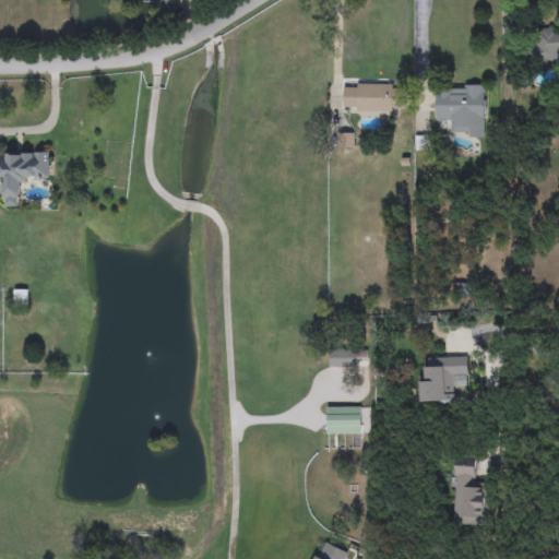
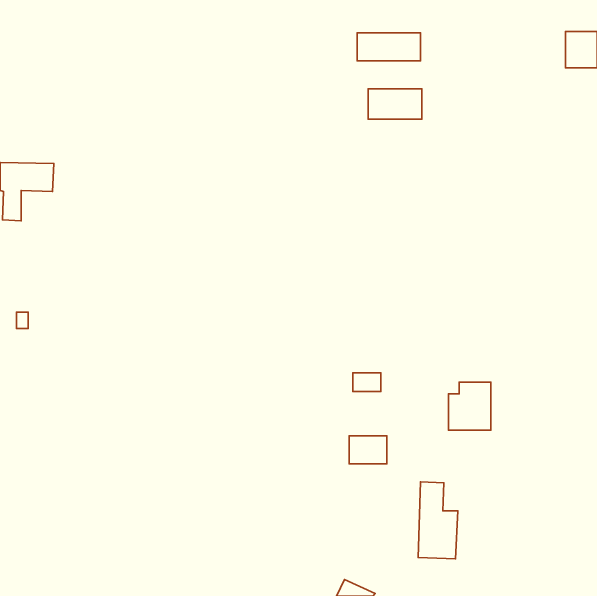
building: none -> [357,33,420,61]
building: [436,85,485,127] -> none
building: [453,454,490,526] -> [418,482,458,559]

